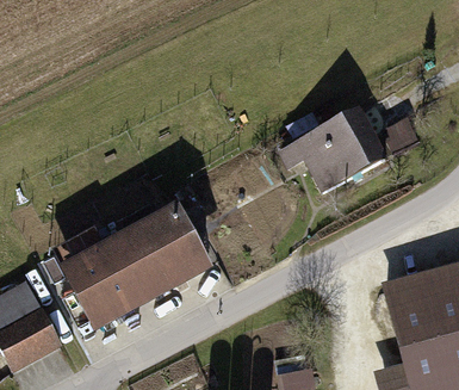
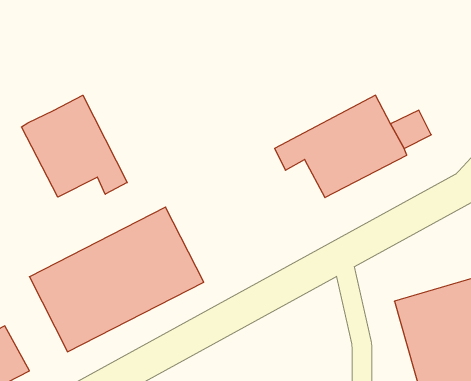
building: none -> [21,95,127,197]

